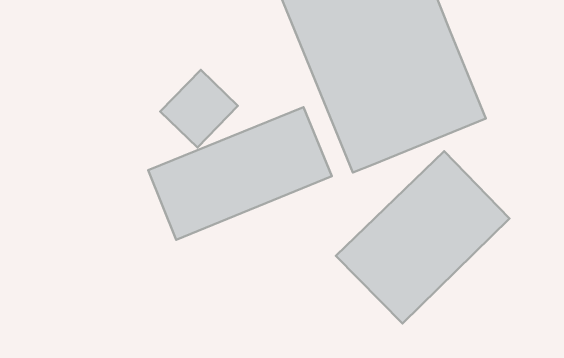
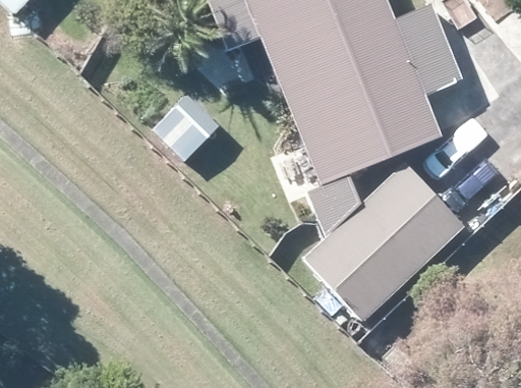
building: [148,107,332,240] -> none

